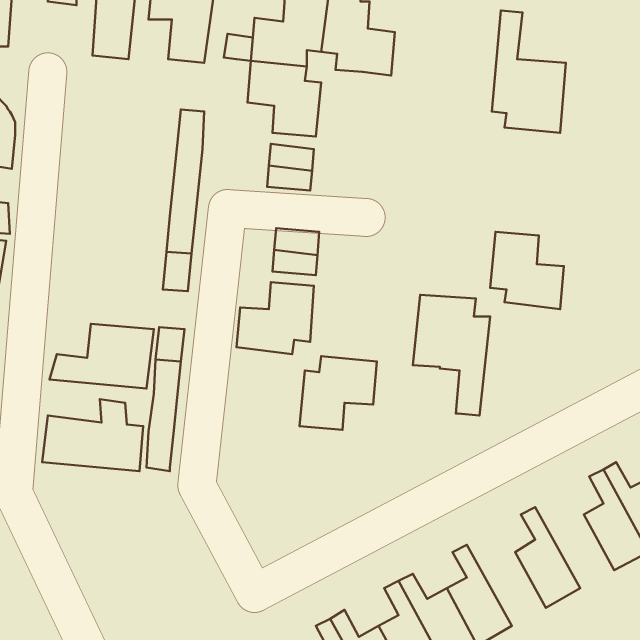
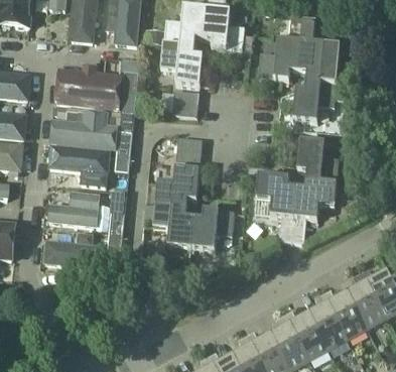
building: none -> [256,13,302,79]
building: none -> [54,65,120,106]
building: none -> [291,80,347,121]
building: none -> [48,113,115,147]
building: none -> [53,154,98,182]
building: none -> [290,177,336,242]
building: none -> [152,203,192,247]
building: none -> [321,287,366,338]
building: none -> [283,308,327,359]

